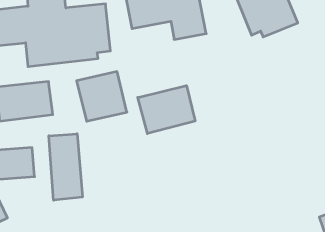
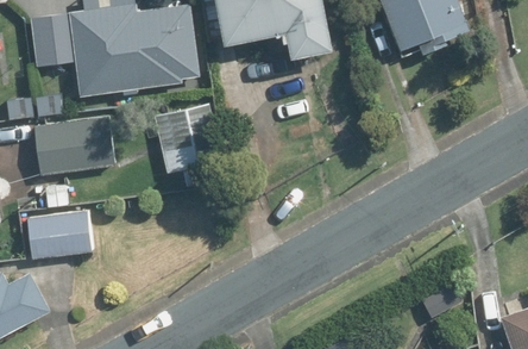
building: [138,86,195,134] -> none
building: [49,134,82,200] -> none

